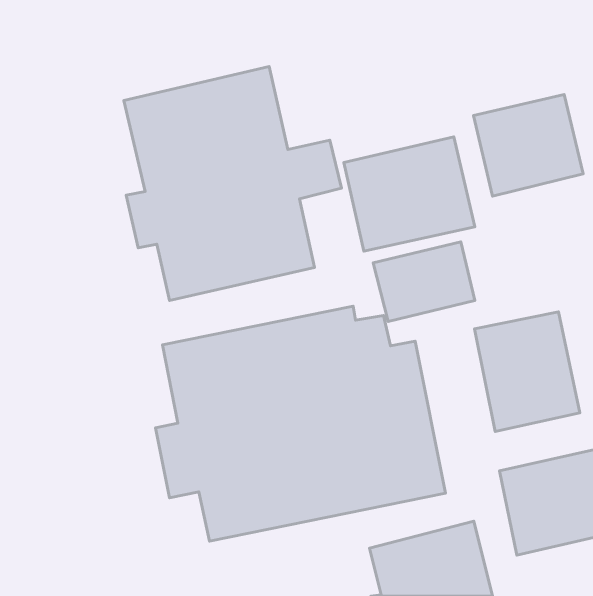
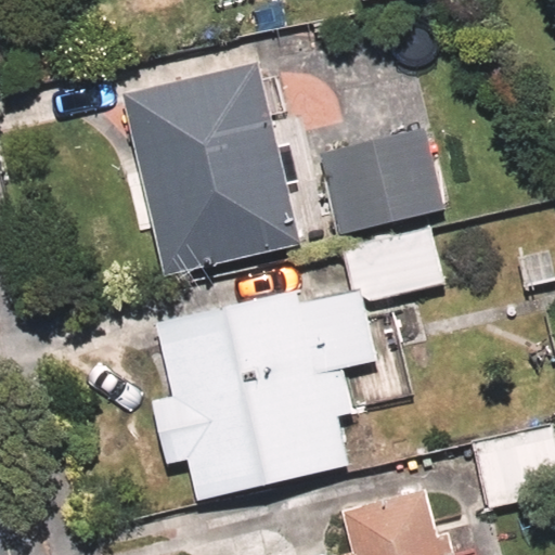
building: [474,94,583,196] -> none
building: [474,312,580,432] -> none

